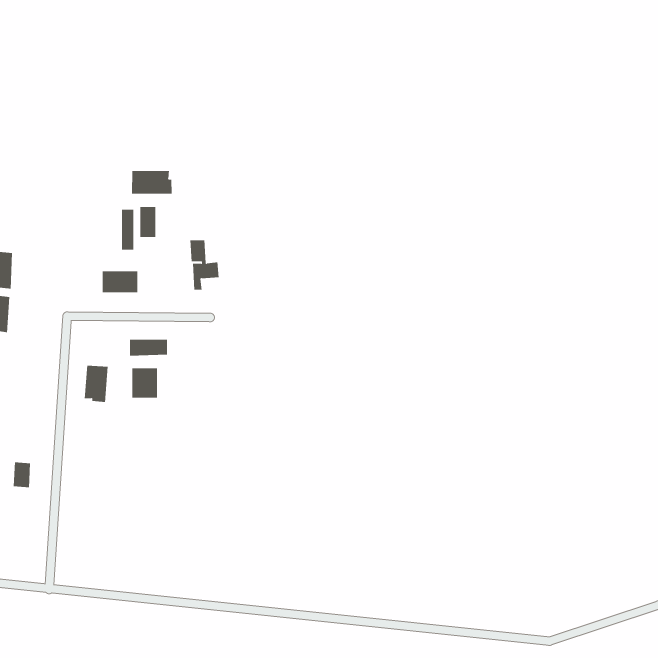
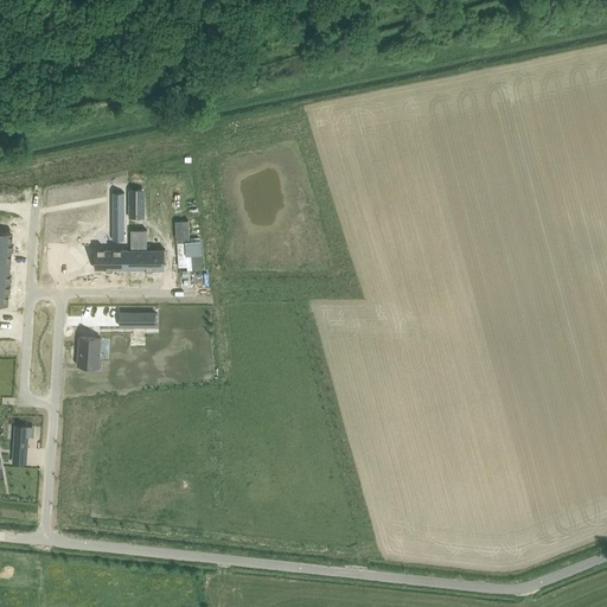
building: [131,170,172,195] -> none
building: none -> [130,231,164,270]
building: [132,367,157,398] -> none

